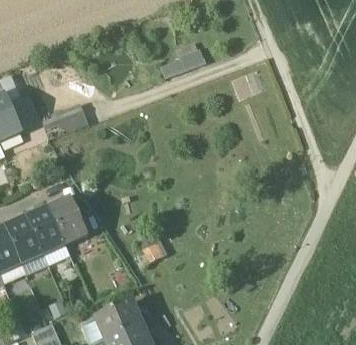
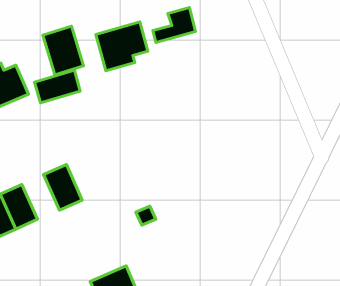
building: none -> [96,22,148,71]
building: none -> [43,26,83,75]
building: [27,207,65,252] -> none

